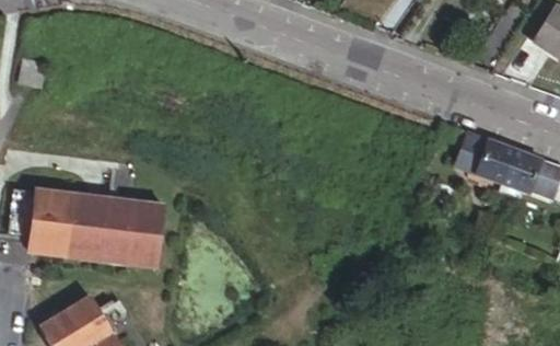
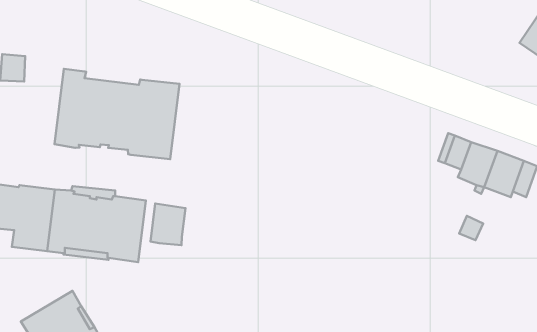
building: none -> [55,69,180,159]
building: none -> [150,204,186,245]

